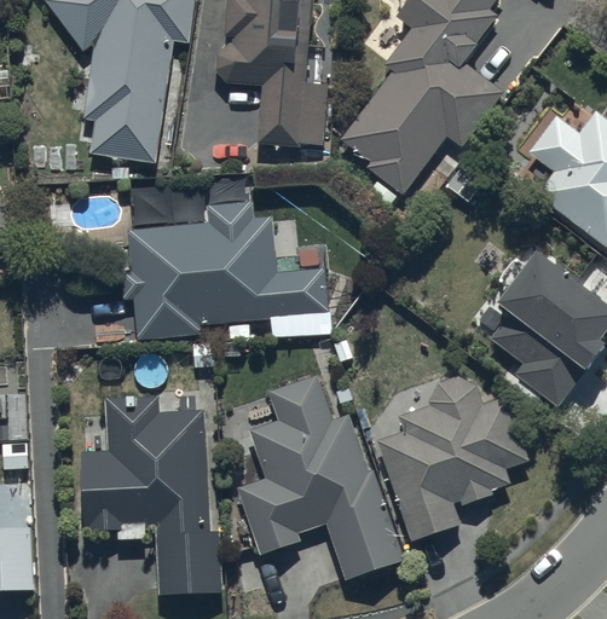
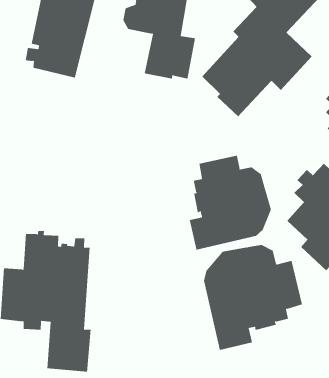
building: [121,201,328,340] -> none
building: none -> [189,155,271,250]
building: [238,376,404,578] -> none

